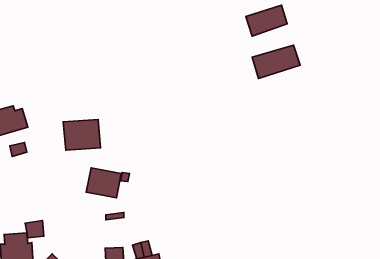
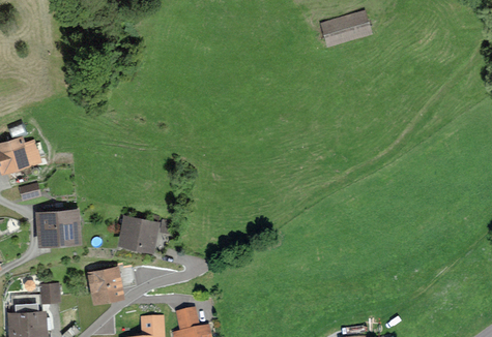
building: [252,45,300,79] -> none
building: [63,119,101,150] -> [34,208,82,247]
building: none -> [87,265,125,304]

